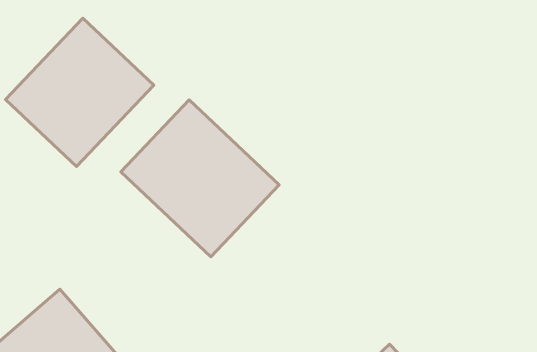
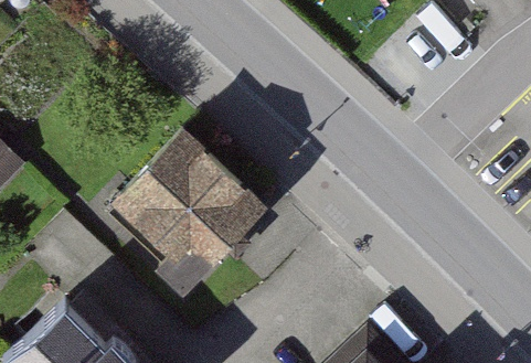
building: [6,18,154,167] -> none

